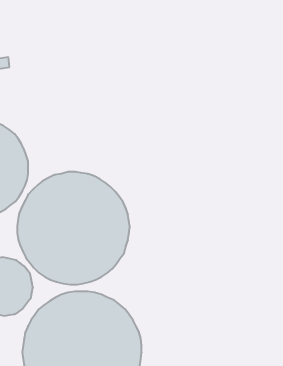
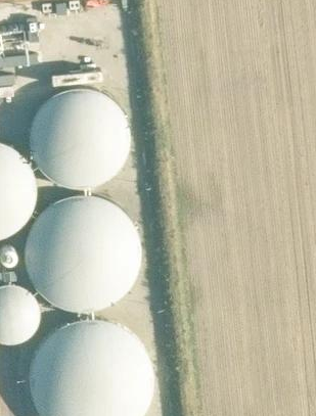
building: none -> [29,89,129,189]

